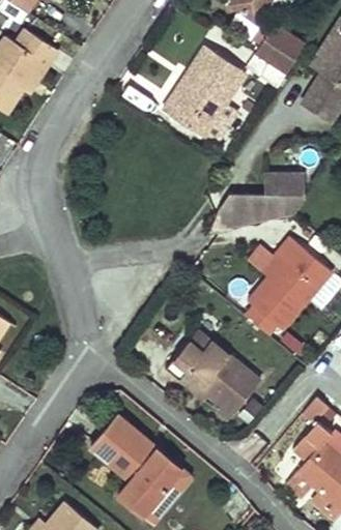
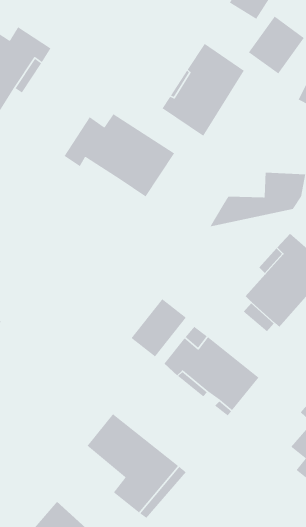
building: none -> [64,113,175,197]
building: none -> [130,298,187,357]

